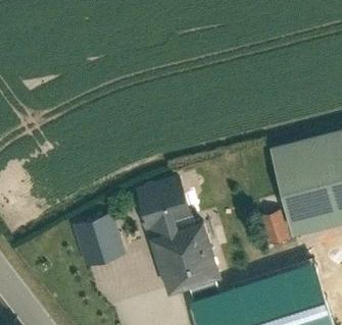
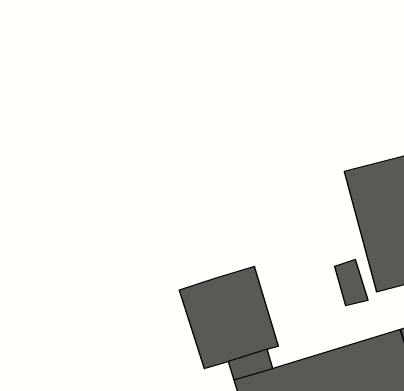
building: [137,177,192,235] -> none
building: [72,212,126,267] -> none

